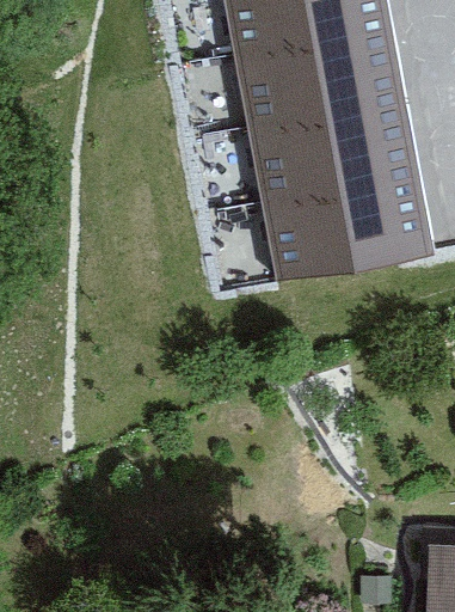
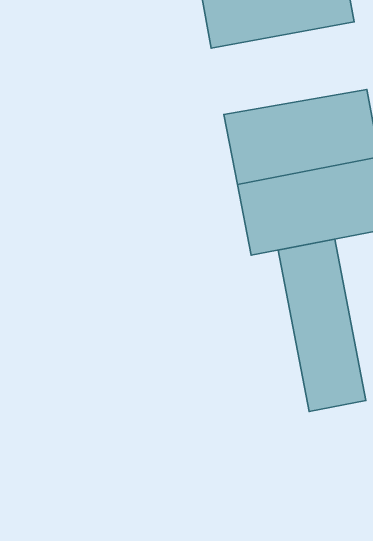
building: [241,35,404,131] -> none
building: none -> [278,239,366,411]

